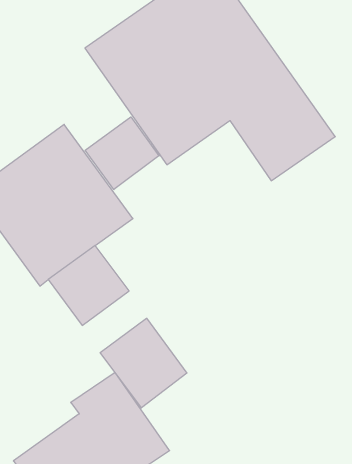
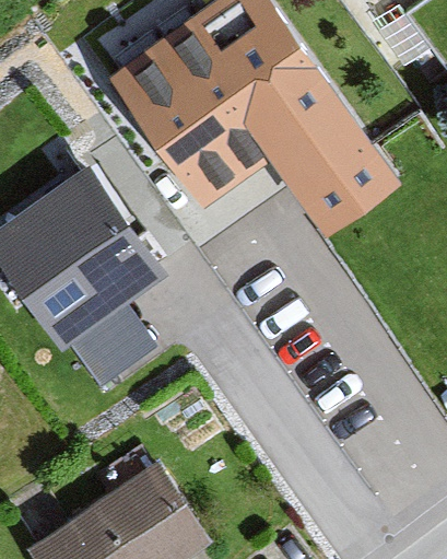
building: [85,117,159,190] -> none
building: [100,318,187,408] -> none

